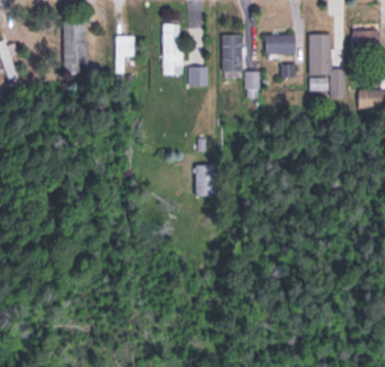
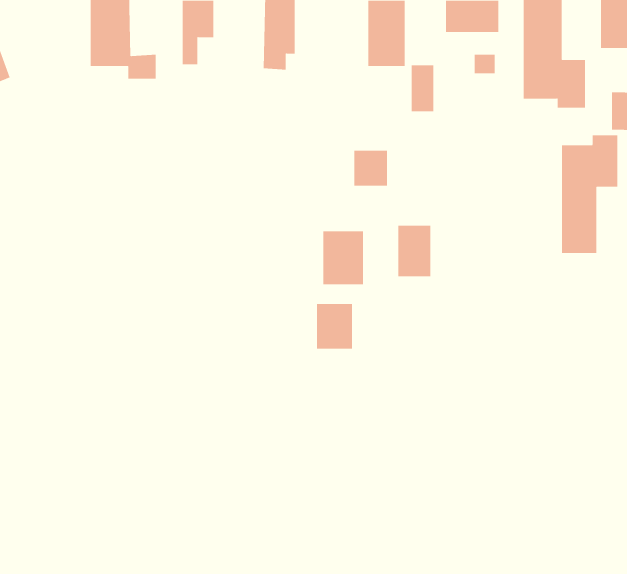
building: [188,66,207,87] -> [354,150,388,186]
building: none -> [562,135,618,254]
building: none -> [398,225,431,277]
building: none -> [316,303,353,349]

